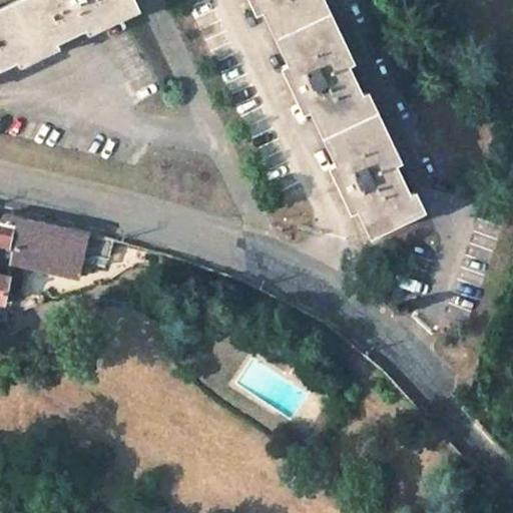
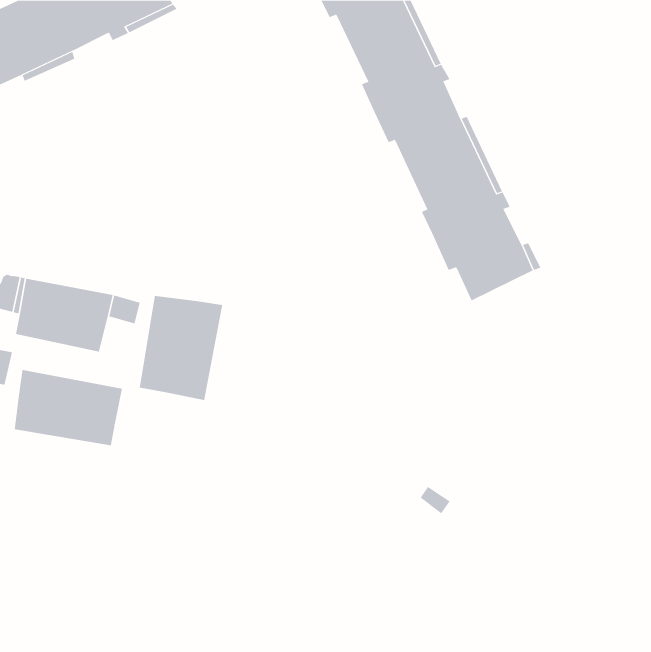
building: none -> [139,295,223,401]
building: none -> [14,369,122,446]

